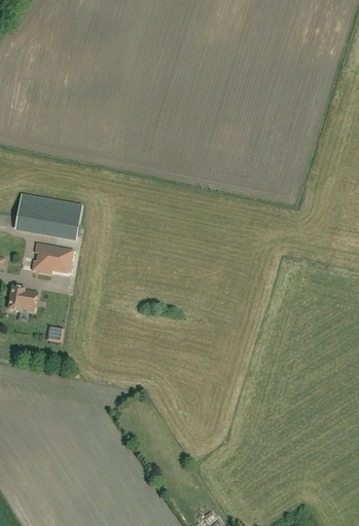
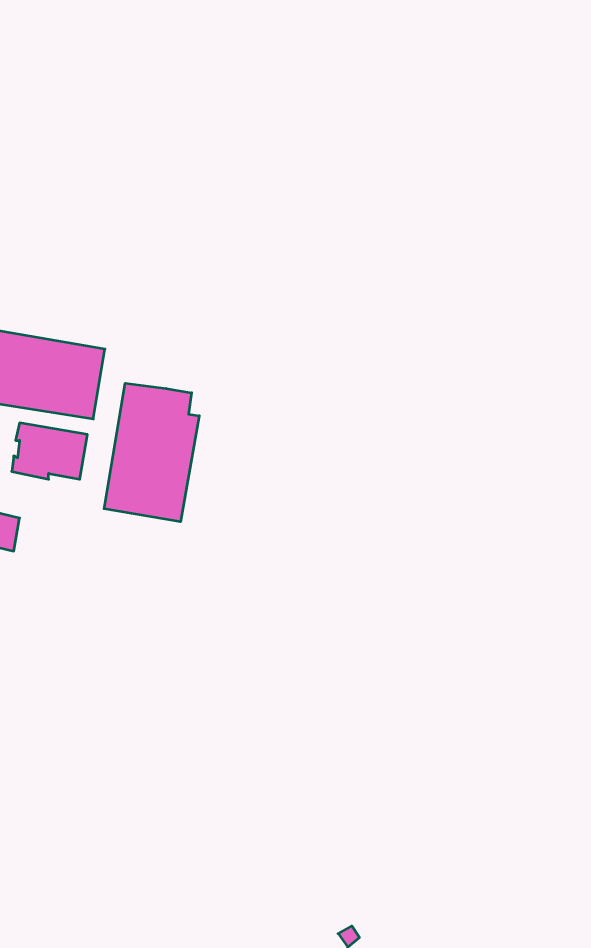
building: none -> [104,383,199,522]

